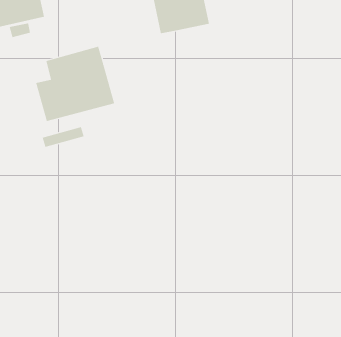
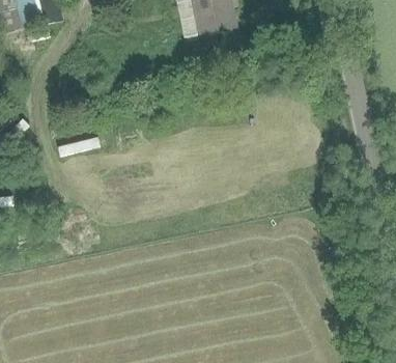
building: [36,46,115,122] -> none

